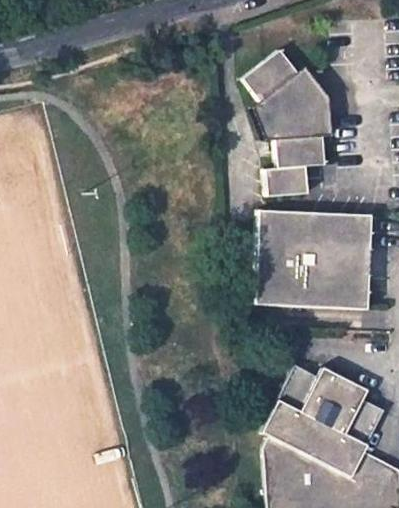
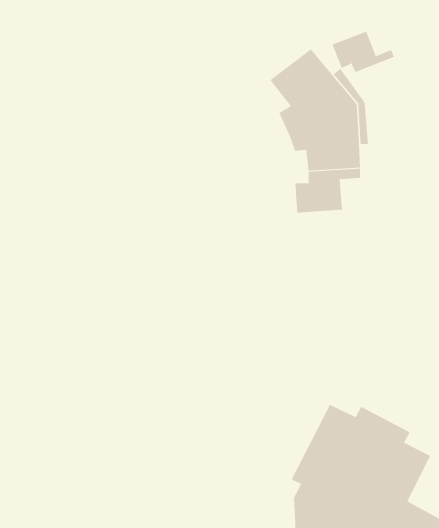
building: none -> [332,31,395,73]
building: [255,209,368,308] -> none

